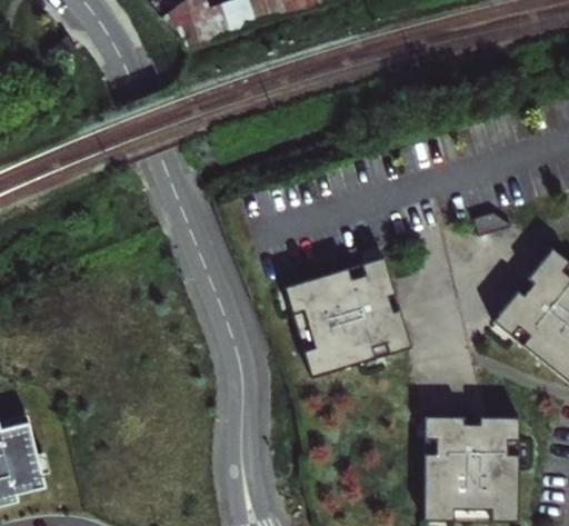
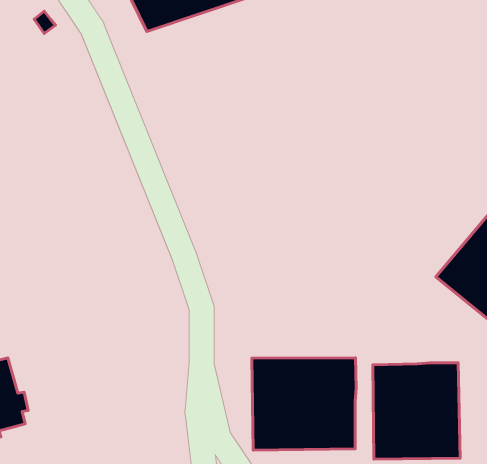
building: [278,255,407,377] -> none
building: none -> [252,358,356,450]

